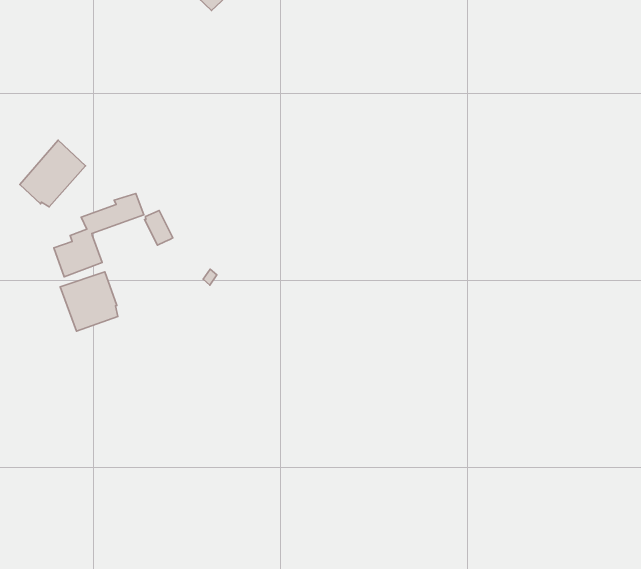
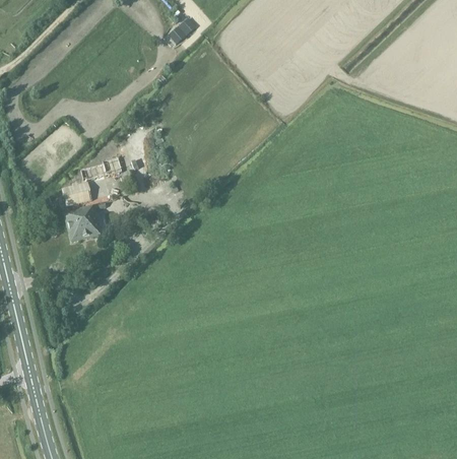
building: [20,140,85,207] -> none

